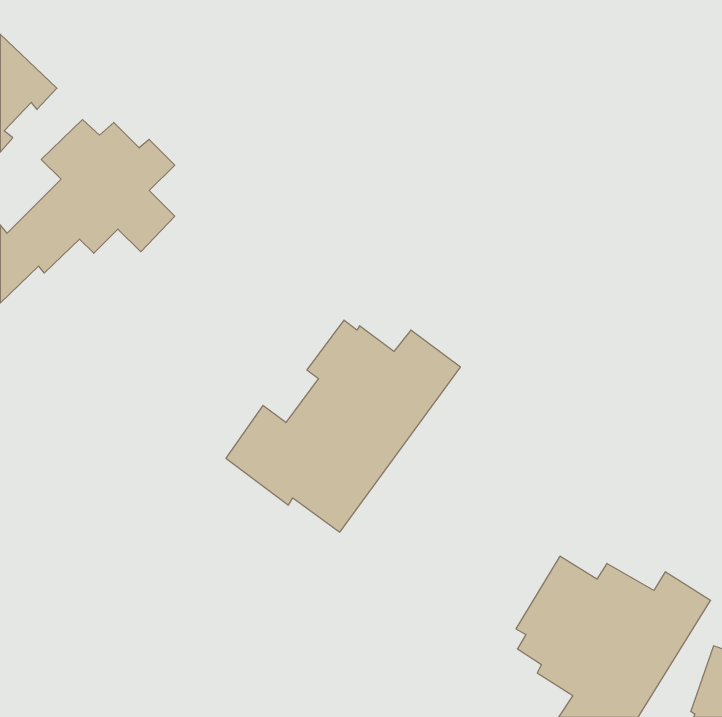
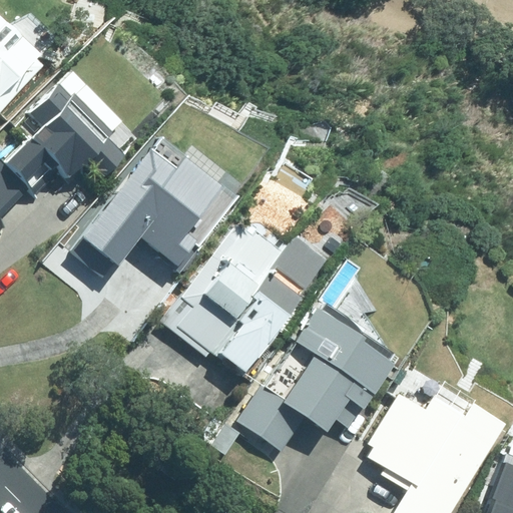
building: none -> [117,160,221,274]
building: none -> [72,211,132,275]
building: none -> [237,302,393,451]

